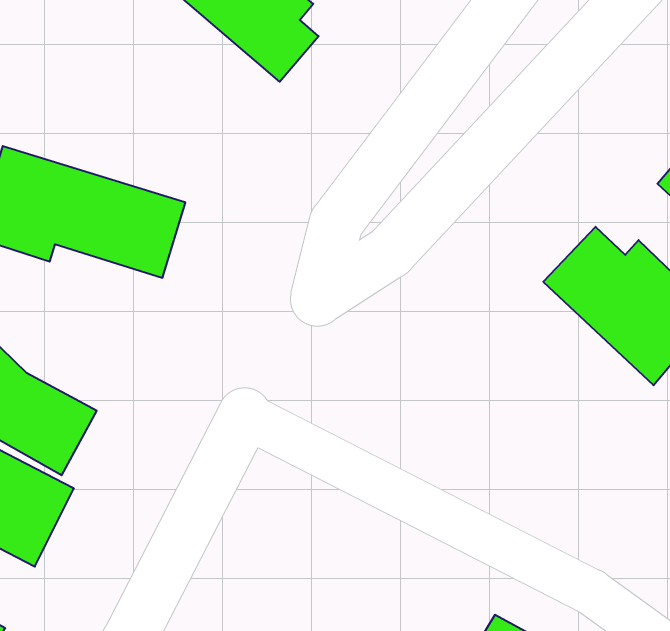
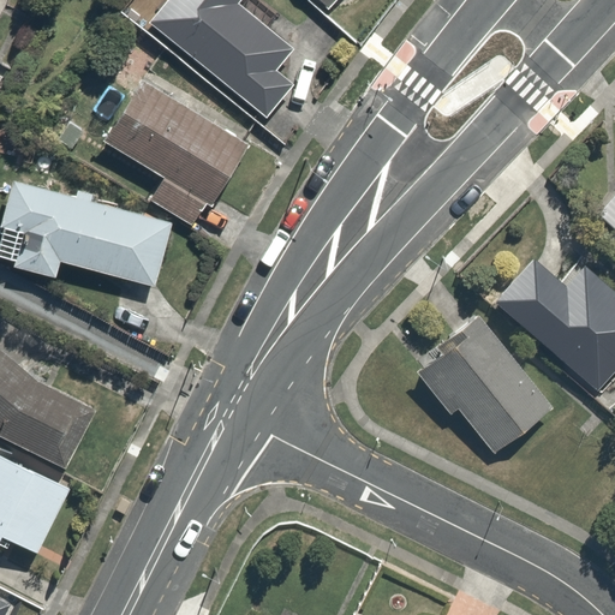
building: none -> [107,74,251,227]
building: none -> [406,304,562,459]

